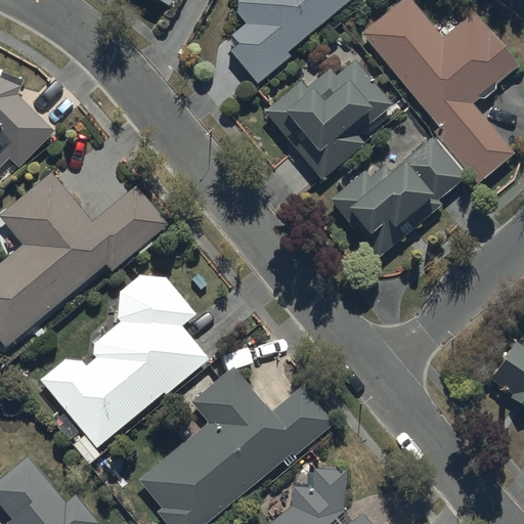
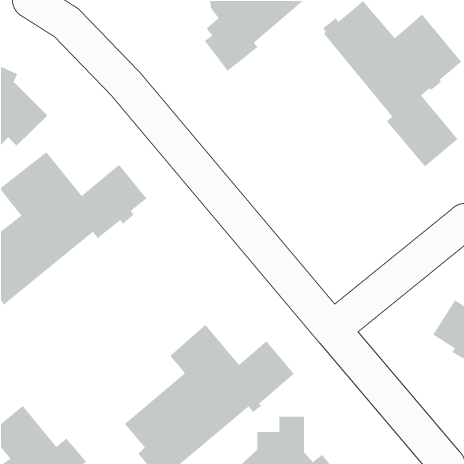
building: [264,63,392,183] -> none
building: [330,141,466,262] -> none
building: [41,273,209,458] -> none

